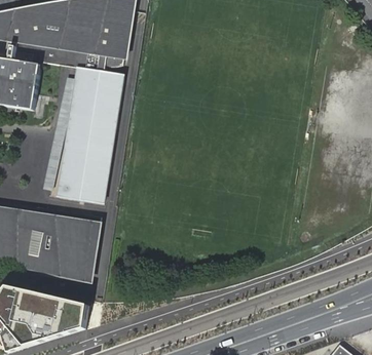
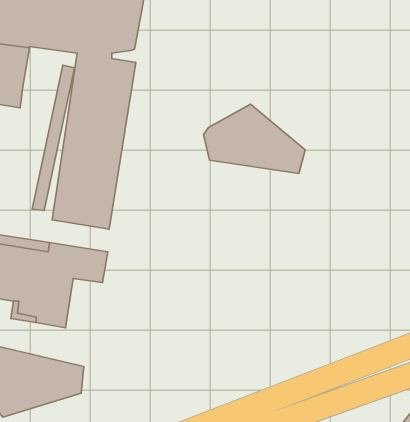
building: none -> [203,104,305,173]
building: [69,241,98,282] -> none

